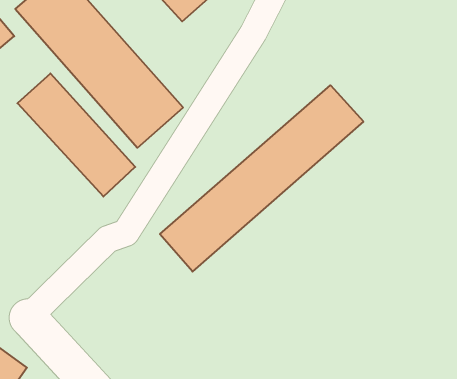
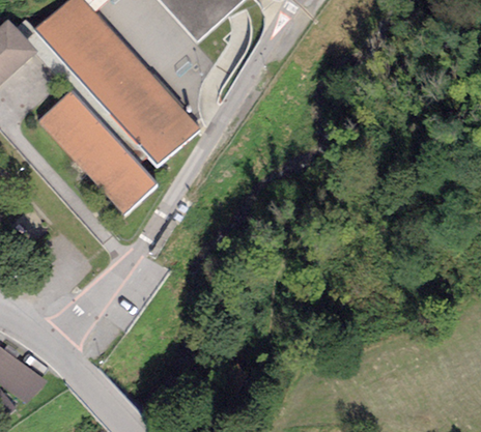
building: [160,85,363,272] -> none

